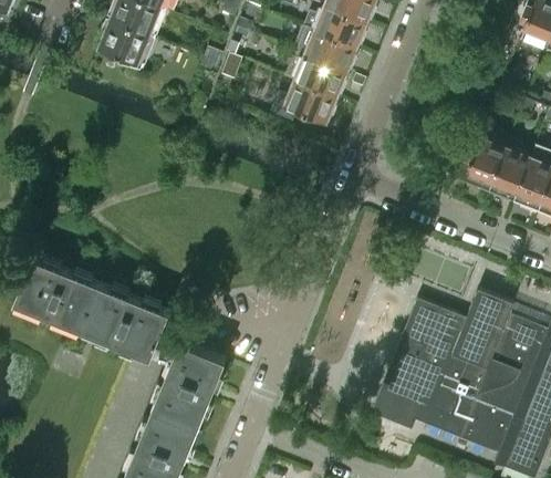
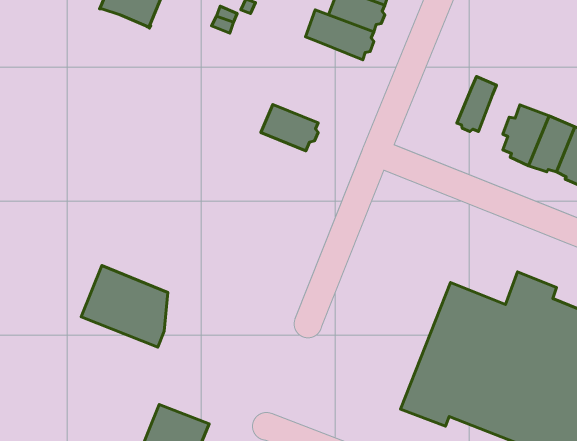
building: [285,77,337,120] -> [261,104,318,151]
building: none -> [457,76,497,132]
building: [14,254,101,328] -> none
building: [153,339,226,425] -> none

